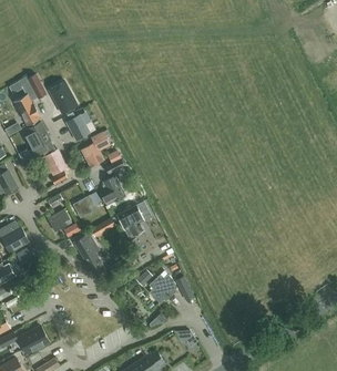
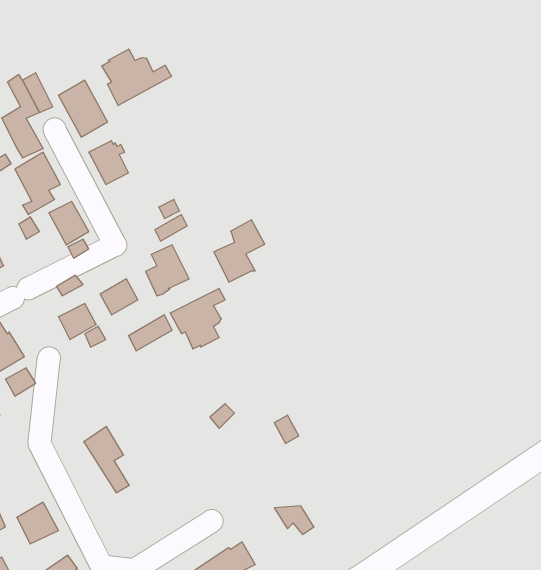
building: none -> [102,49,171,106]
building: [81,131,111,167] -> [214,220,265,282]
building: [75,234,102,272] -> [84,427,129,493]
building: [150,275,177,303] -> none

